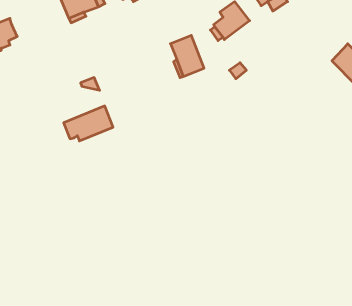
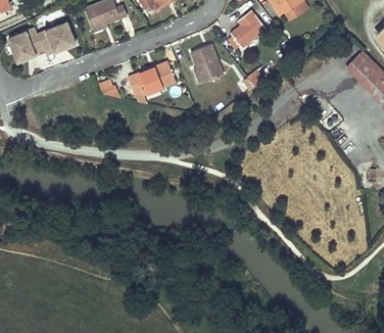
building: none -> [37,21,75,51]
building: [64,106,113,141] -> [128,61,176,95]

